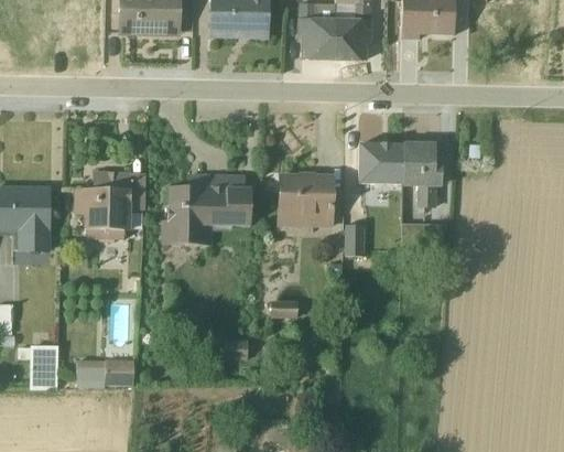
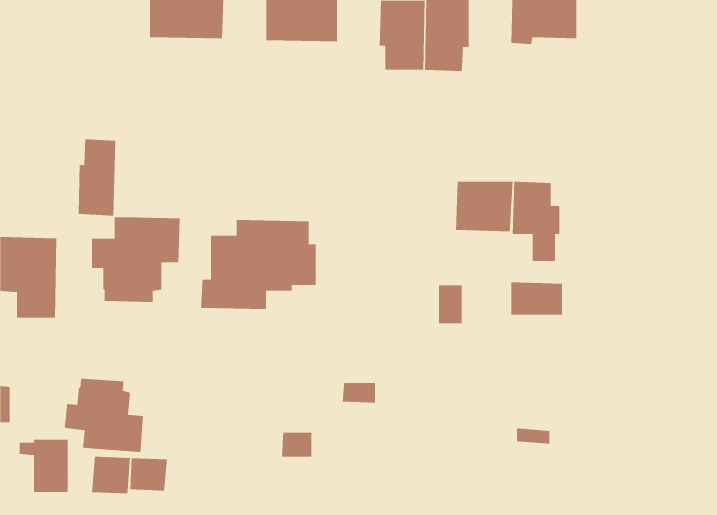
building: none -> [78,138,116,216]
building: [280,175,333,227] -> none
building: none -> [64,378,144,453]

